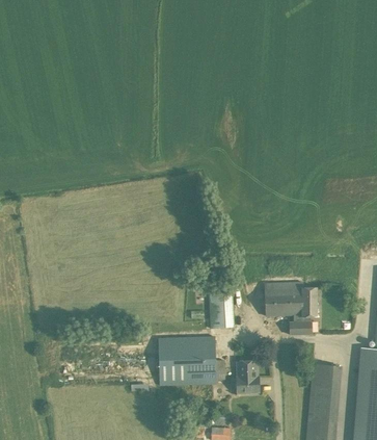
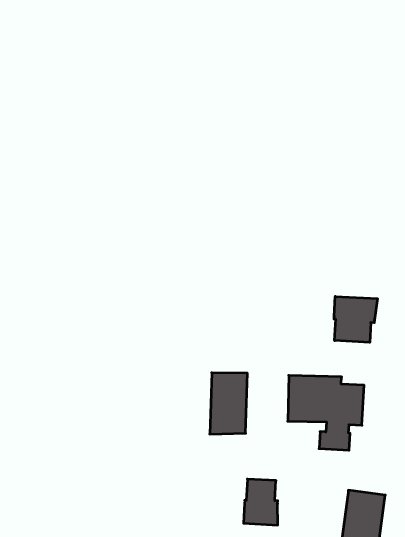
building: none -> [334,296,377,342]
building: [157,336,225,383] -> none

